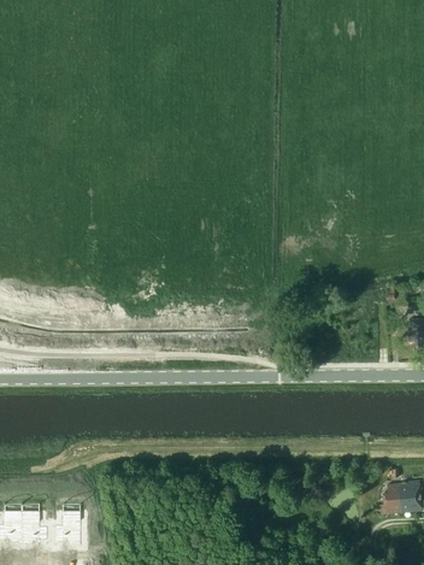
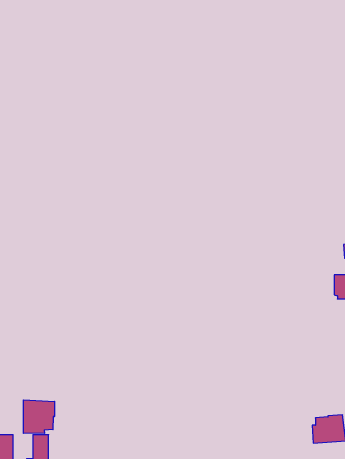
building: none -> [23,400,55,433]

